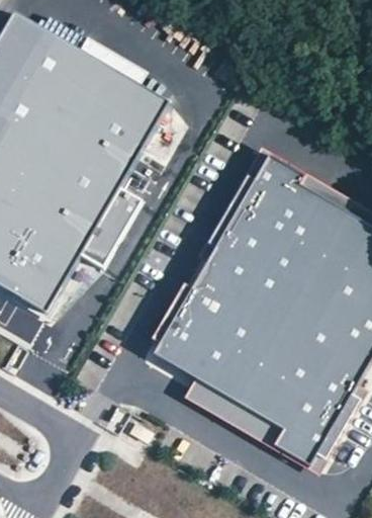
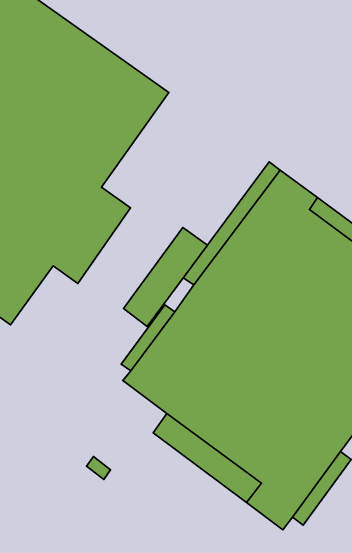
building: none -> [124,227,207,326]

